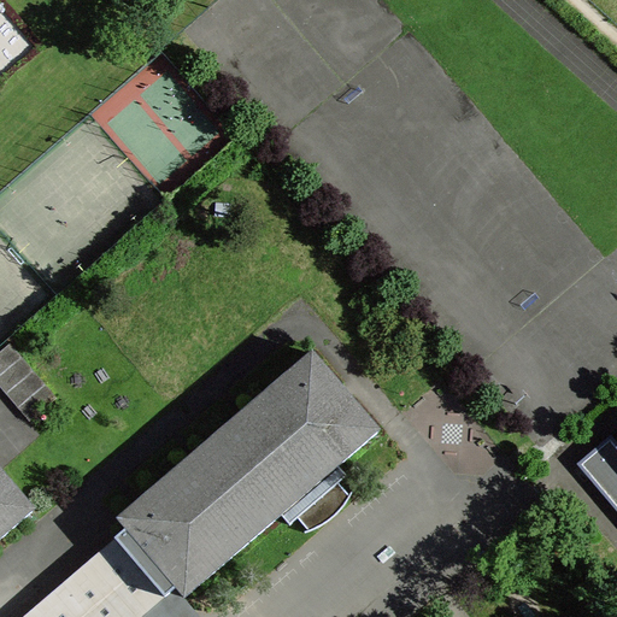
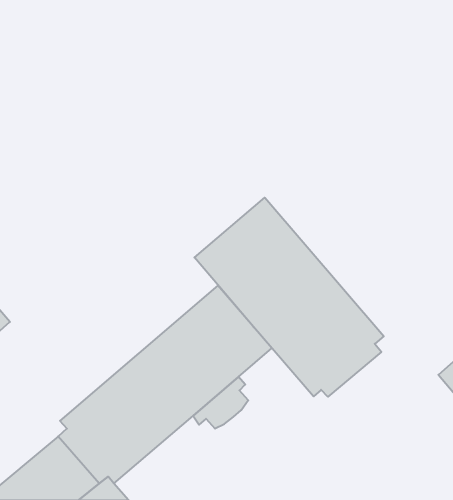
building: none -> [194,198,384,397]

